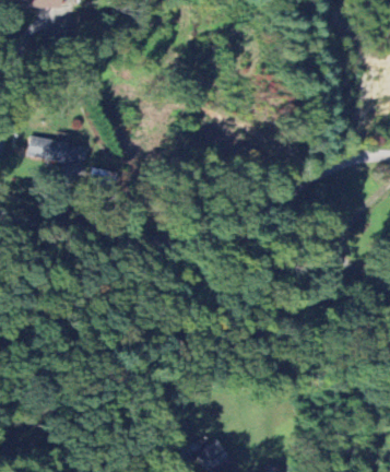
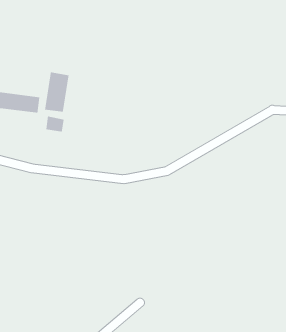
building: none -> [45,72,69,113]

